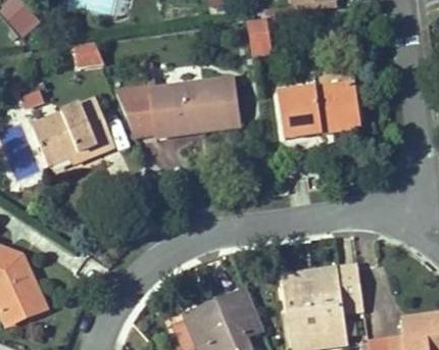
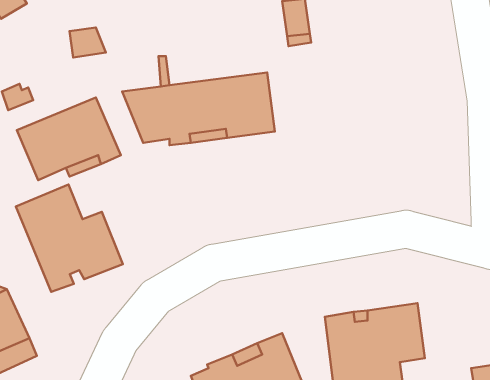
building: [278,83,359,138] -> none
building: none -> [16,185,123,292]

